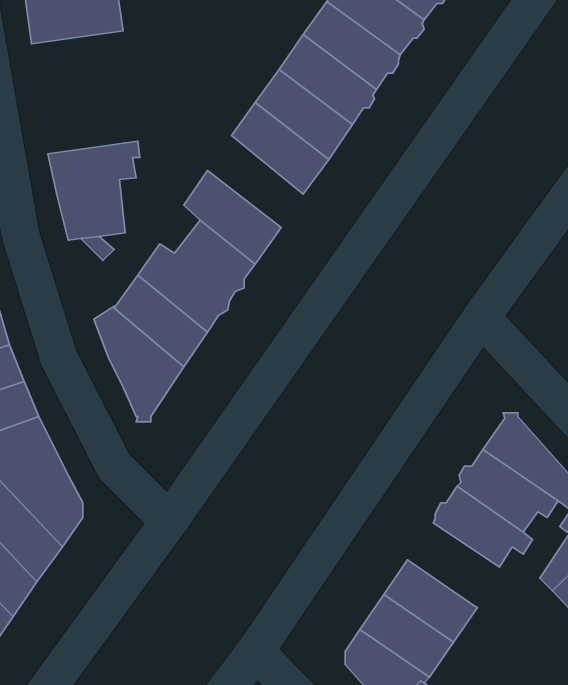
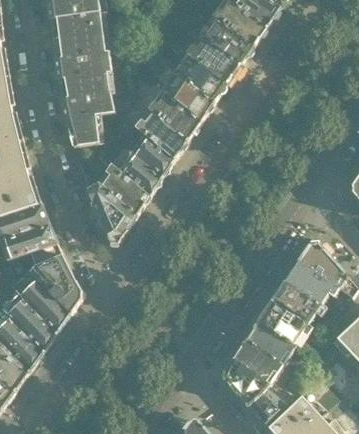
building: none -> [53,33,113,100]
building: none -> [149,90,201,140]
building: none -> [258,301,313,346]

